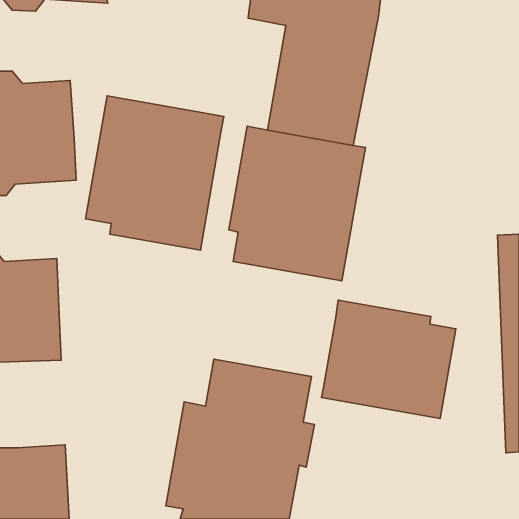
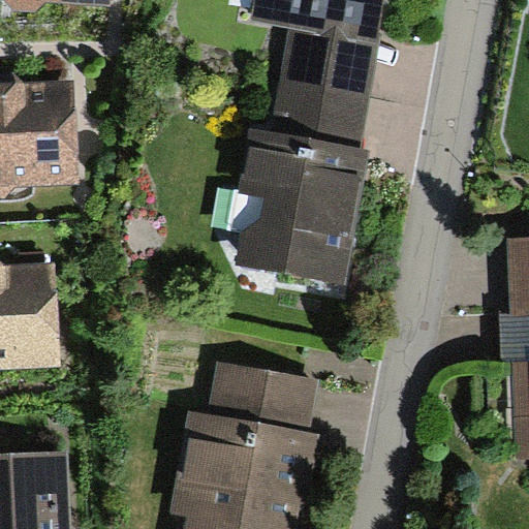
building: [86,96,224,250] -> none
building: [322,300,456,418] -> none

